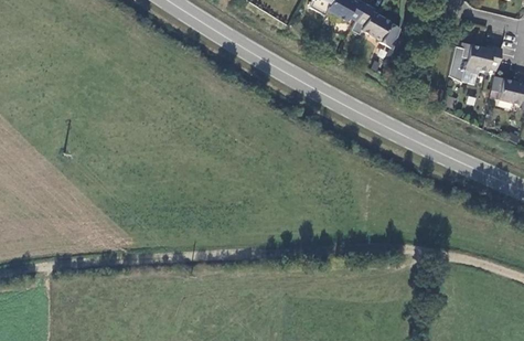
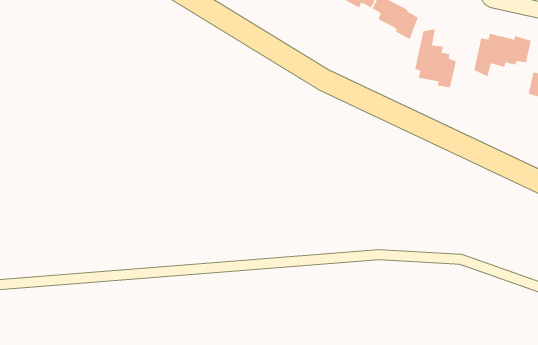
building: none -> [414,29,457,88]

